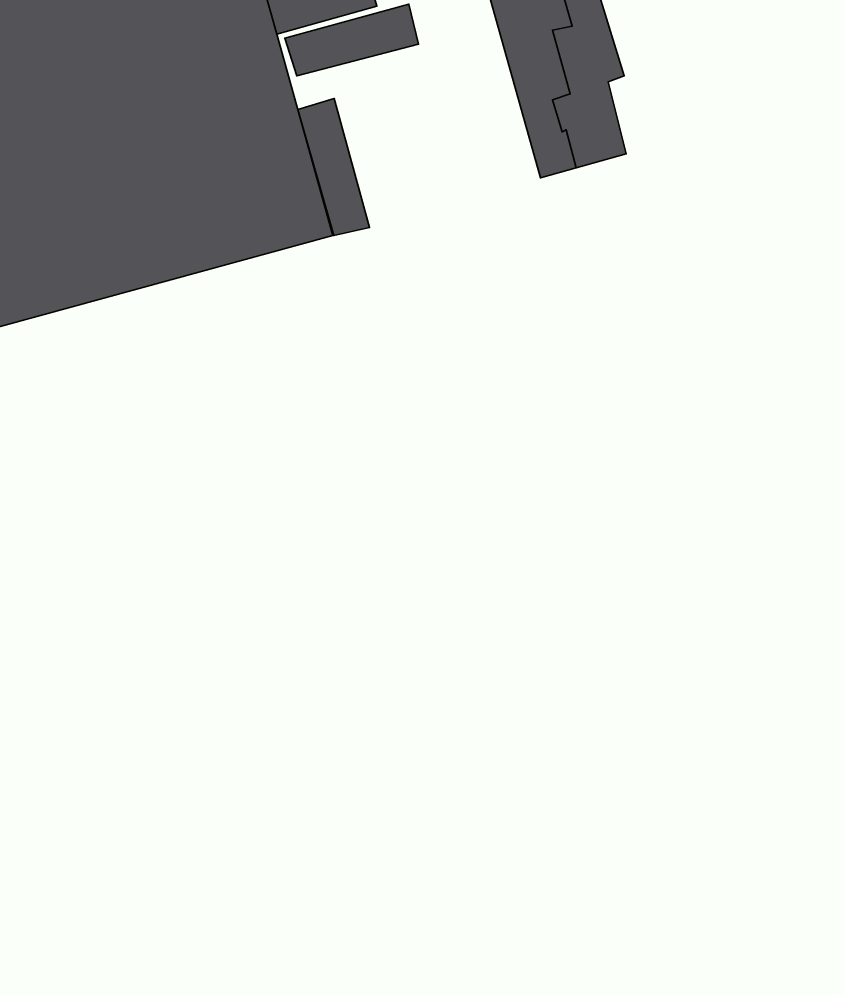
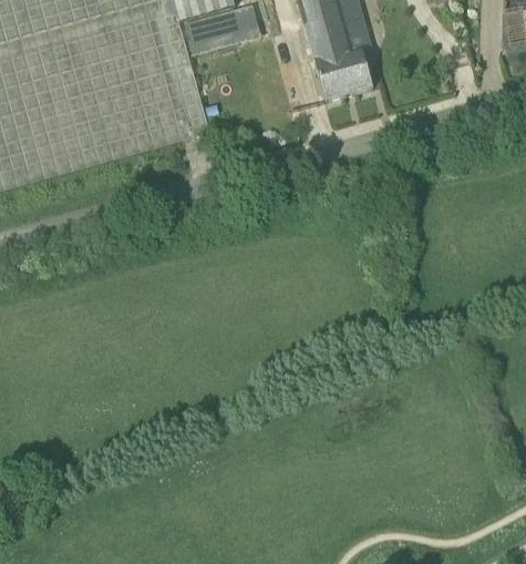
building: [298,98,370,236] -> none

